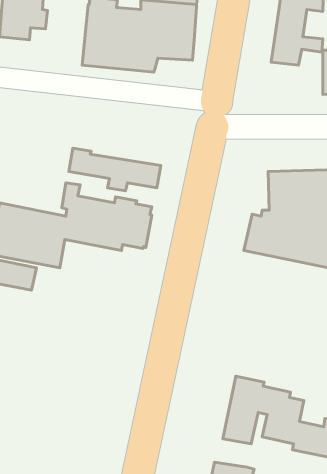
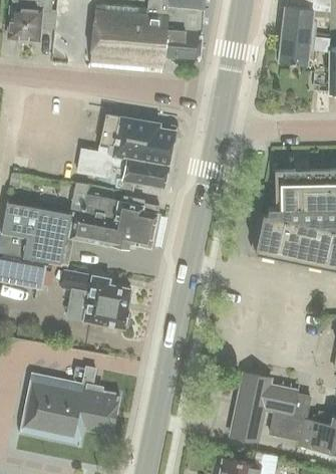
building: none -> [98,114,177,165]
building: none -> [61,270,130,328]
building: none -> [19,367,119,445]

